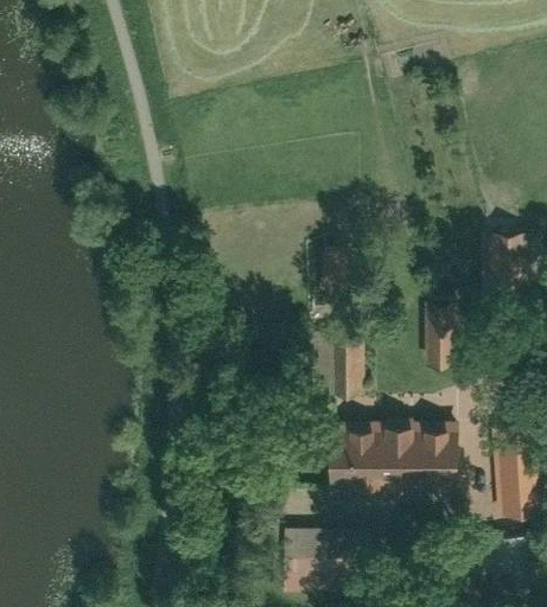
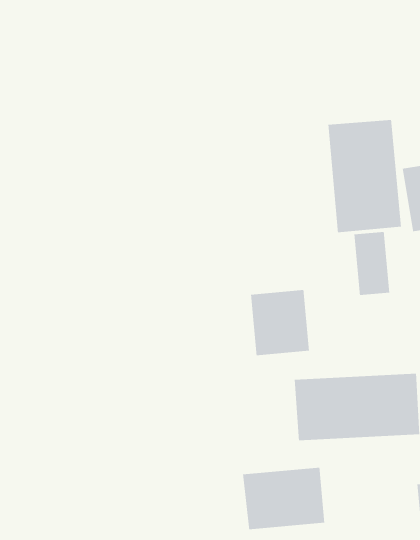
building: none -> [327,119,402,233]

